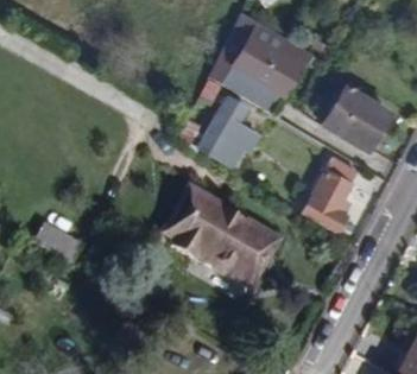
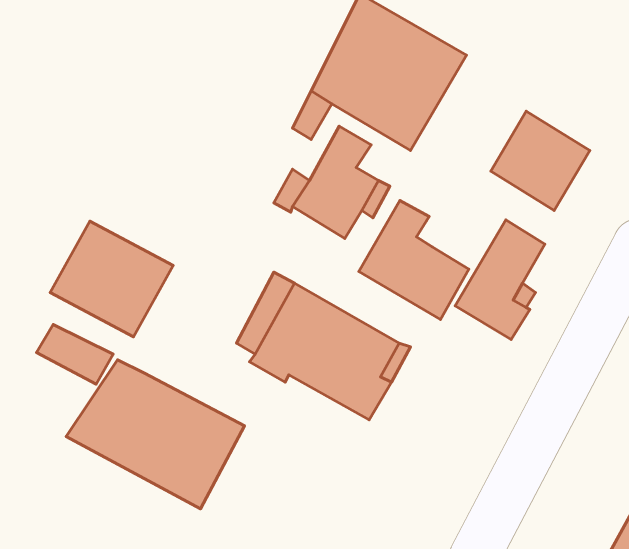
building: none -> [359,200,469,319]
building: none -> [50,221,173,337]
building: none -> [66,360,244,509]

